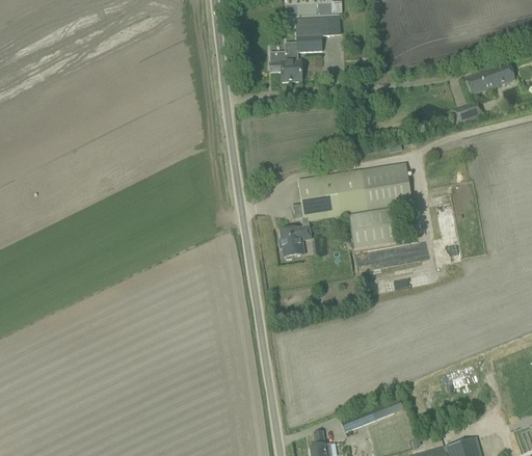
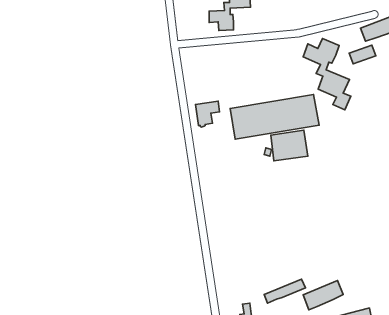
building: none -> [303,38,351,110]
building: [280,224,311,258] -> [195,101,220,127]
building: none -> [303,281,343,310]

